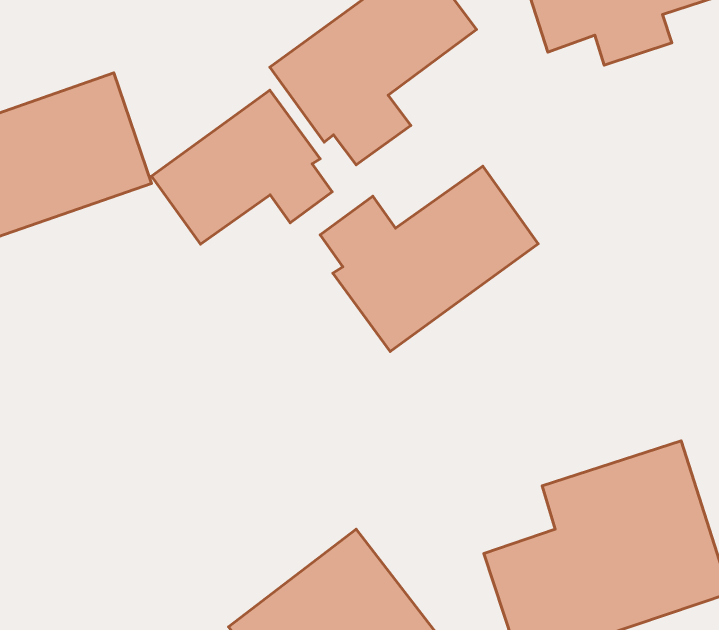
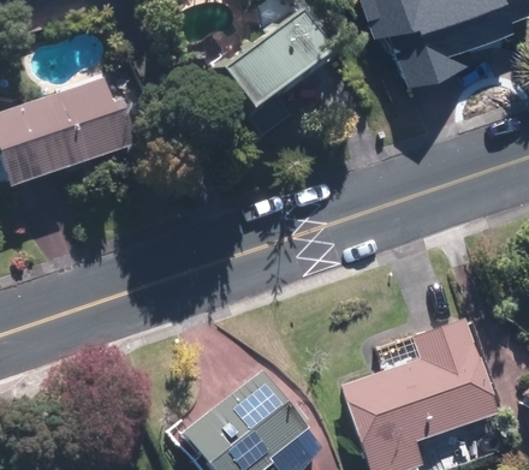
building: [152,90,332,244] -> none
building: [320,166,538,352] -> none

